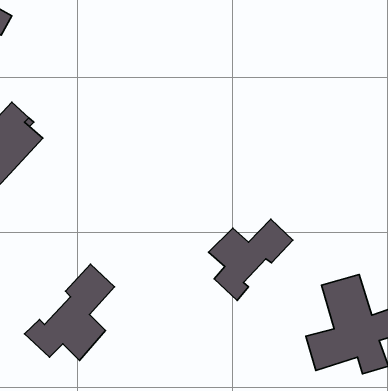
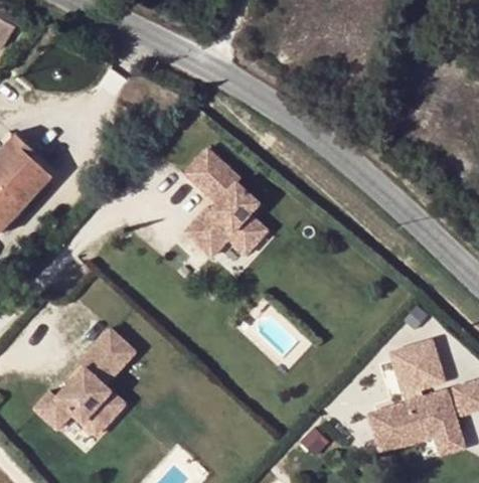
building: none -> [179,145,273,261]
building: [209,219,293,301] -> none

